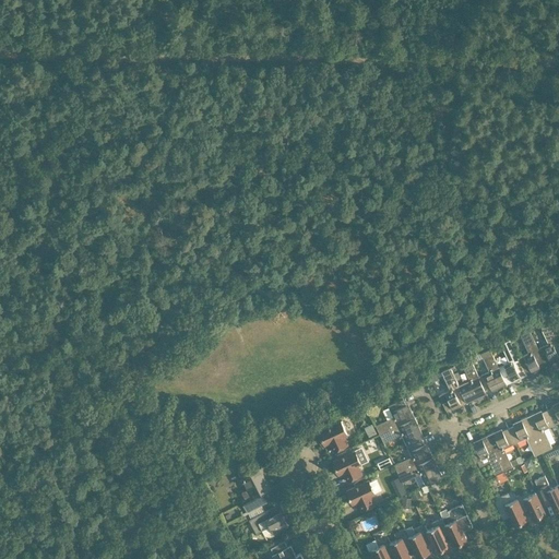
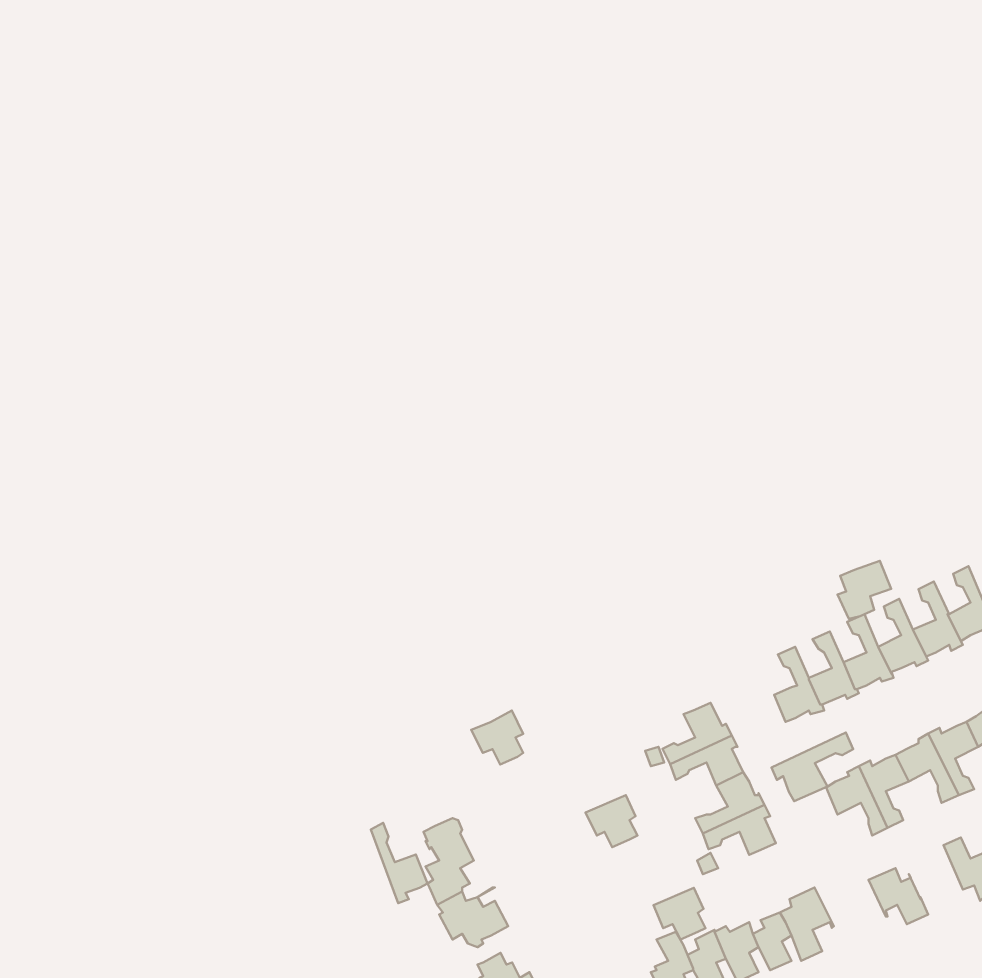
building: none -> [838,561,891,619]
building: none -> [771,733,853,801]
building: [319,424,348,454] -> [471,711,523,764]
building: none -> [371,823,427,903]
building: [347,484,377,513] -> [653,888,705,940]
building: [516,495,546,522] -> none

